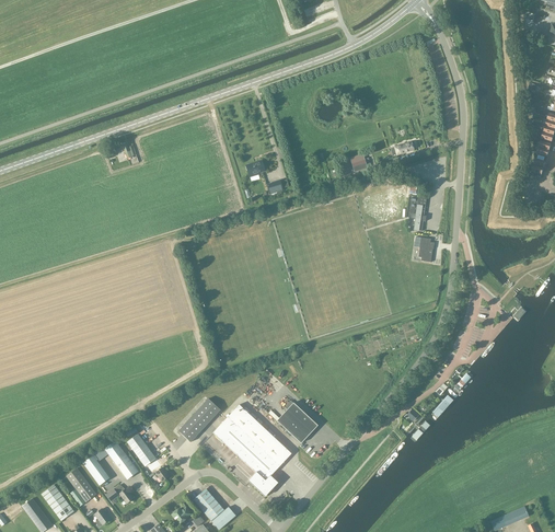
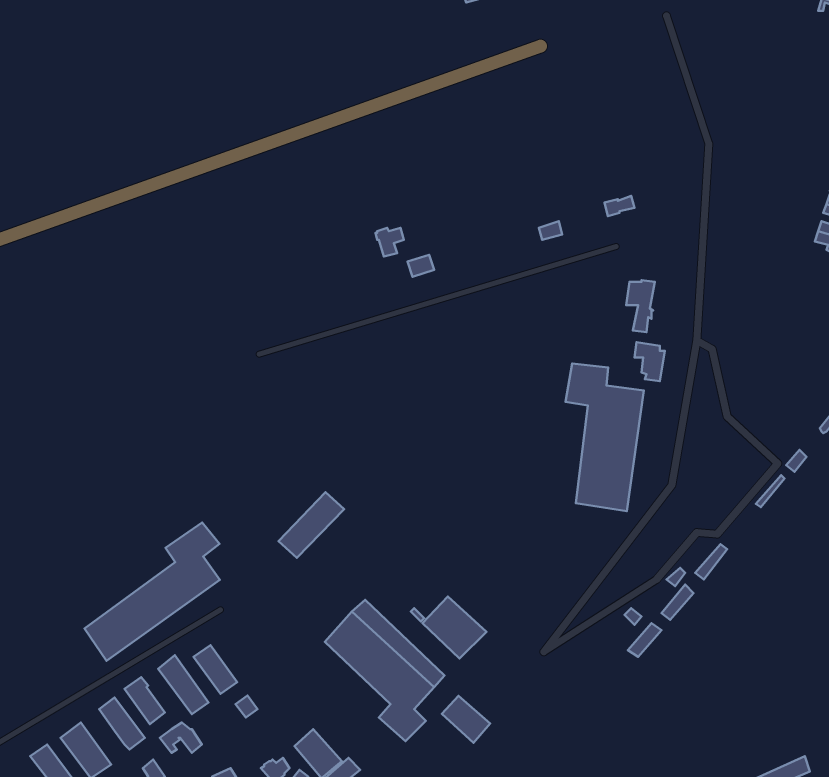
building: none -> [566,364,644,511]
building: none -> [84,523,220,661]
building: [178,398,221,441] -> [278,492,344,558]
building: none -> [442,696,490,743]

